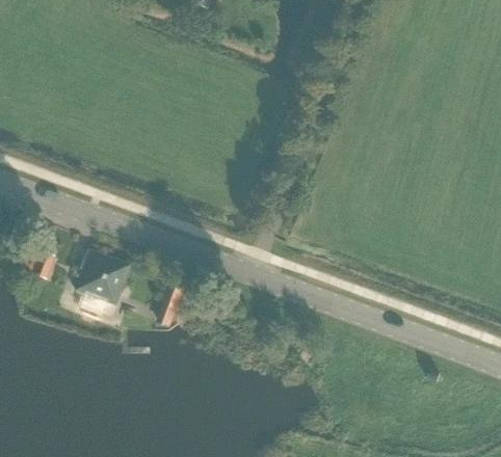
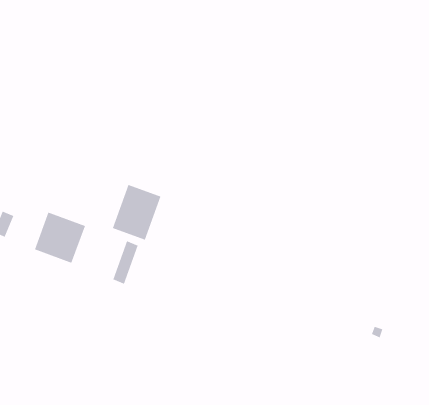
building: none -> [112,184,161,240]

